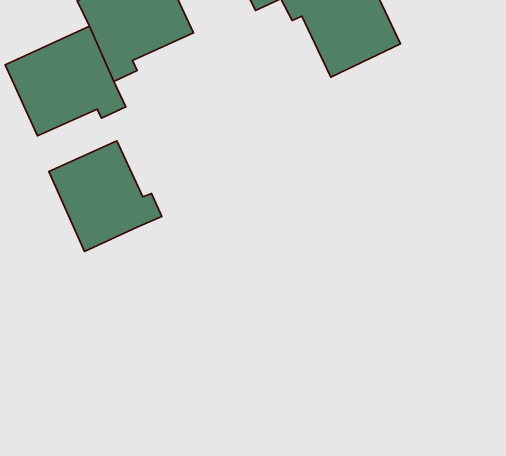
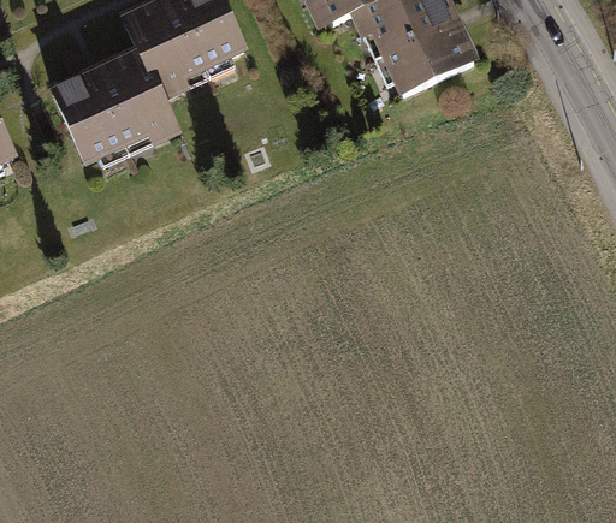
building: [49,141,162,252] -> none

